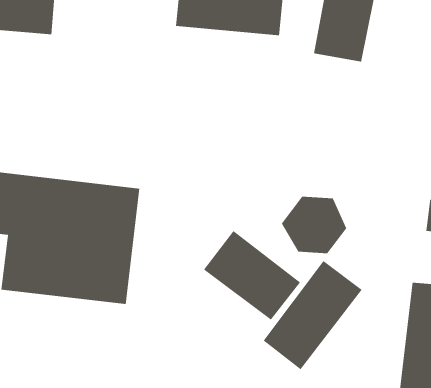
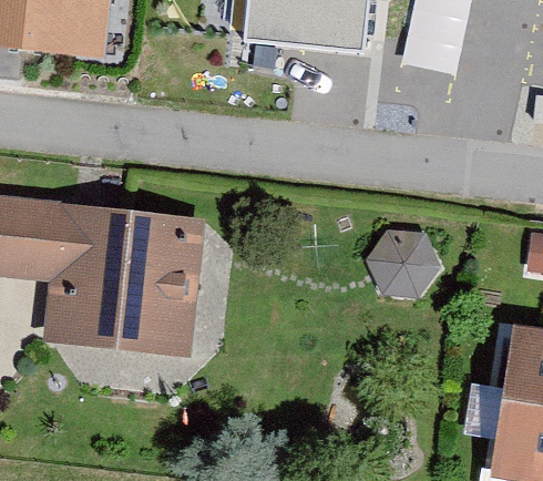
building: [203,230,301,320] -> none
building: [263,260,362,370] -> none

